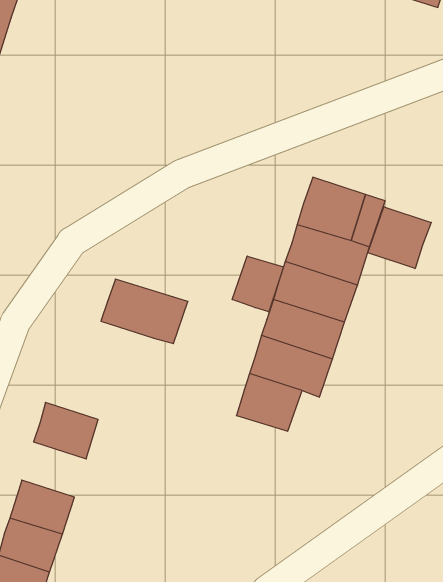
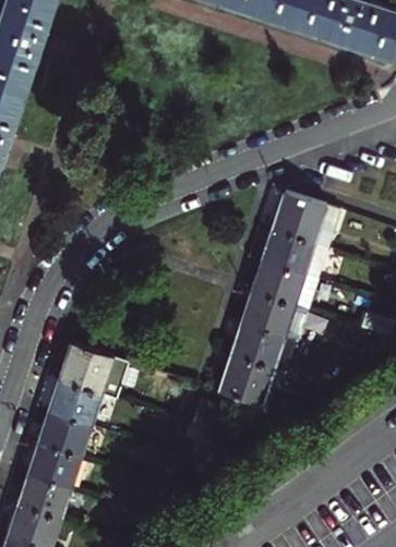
building: [368,207,431,269] -> none
building: [232,256,284,312] -> none
building: [101,279,188,344] -> [60,347,132,400]
building: none -> [40,414,94,460]

